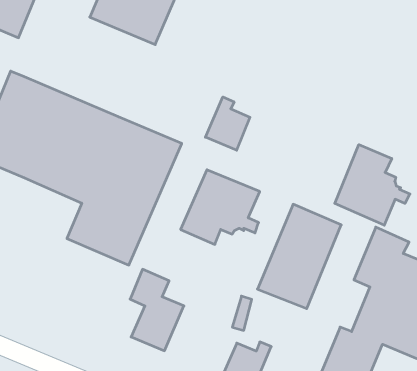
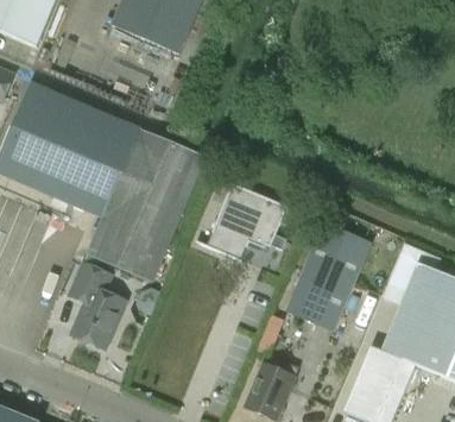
building: [205,97,250,150] -> none
building: [335,145,410,225] -> none
building: [130,269,184,351] -> [70,264,126,348]

